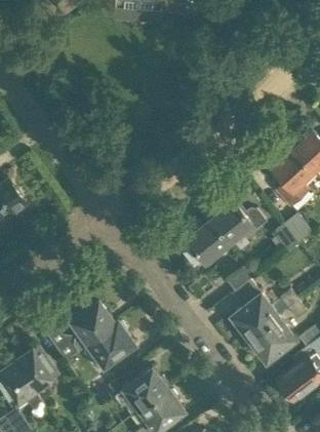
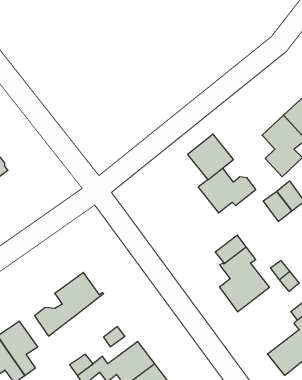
building: [186,221,230,265] -> [188,134,233,180]
building: [248,317,296,363] -> none
building: [88,323,135,368] -> none

